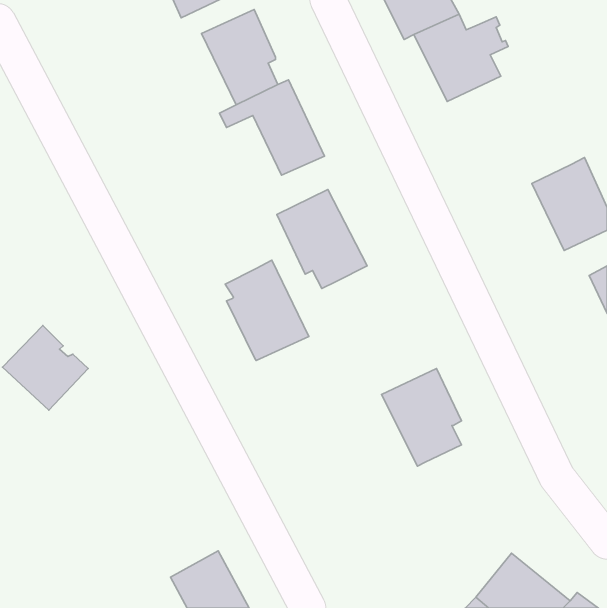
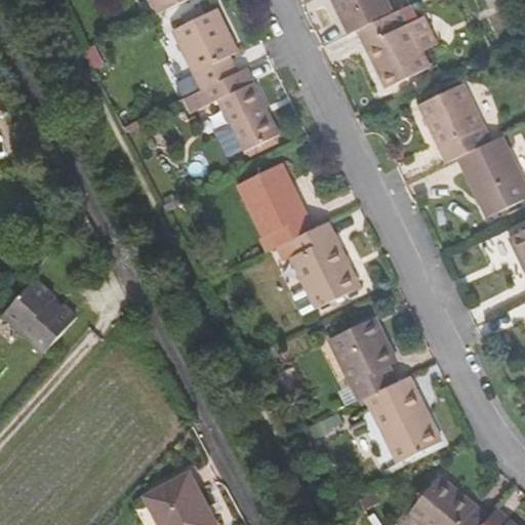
building: none -> [416,83,491,164]
building: [225,260,309,360] -> [289,221,361,308]
building: none -> [365,376,441,462]

